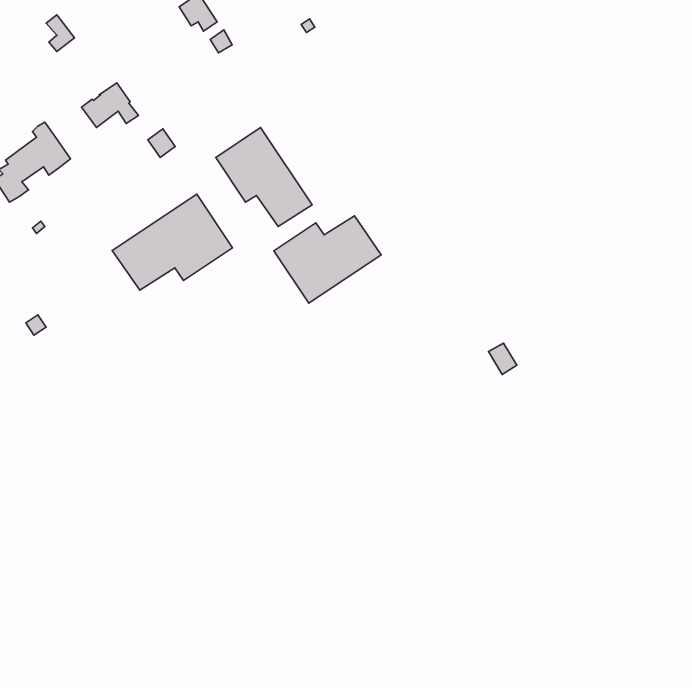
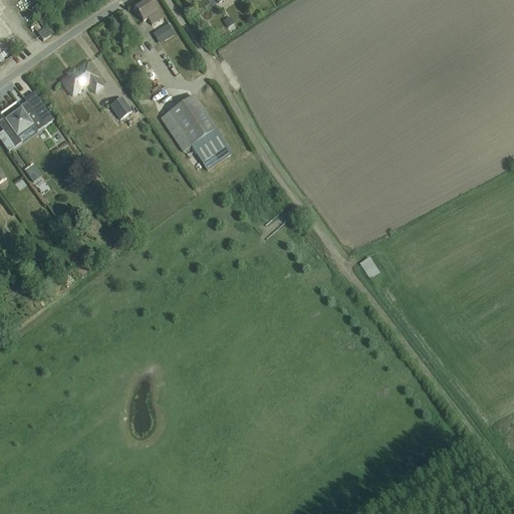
building: [112,194,233,290] -> none
building: [274,216,381,303] -> none

